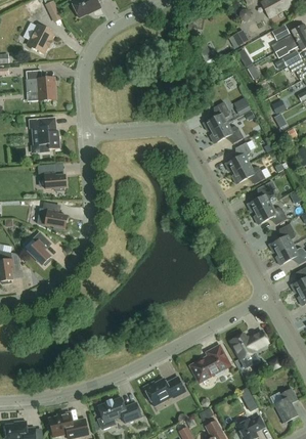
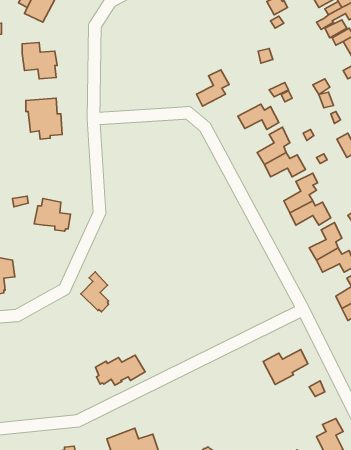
building: [203,101,230,132] -> [197,70,229,106]
building: [38,164,65,190] -> none
building: [27,231,50,265] -> [81,272,109,312]
building: [190,346,228,380] -> none
building: [143,376,185,401] -> [95,355,145,385]

